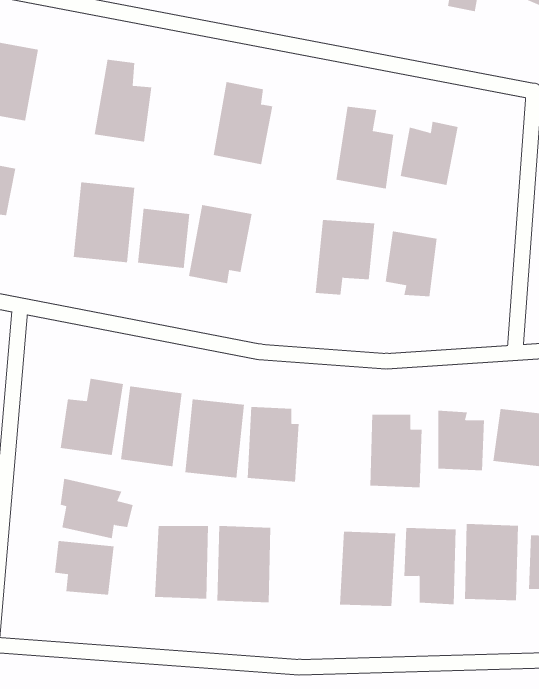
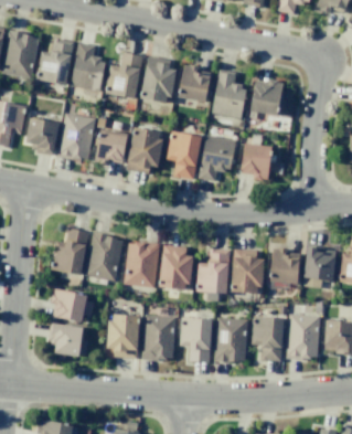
building: none -> [36,38,74,84]
building: none -> [105,52,143,99]
building: none -> [179,64,210,102]
building: none -> [26,119,57,155]
building: none -> [166,131,202,180]
building: none -> [196,248,228,293]
building: none -> [180,318,211,362]

